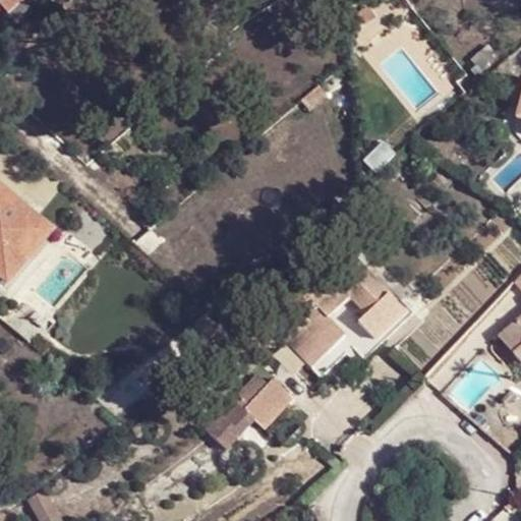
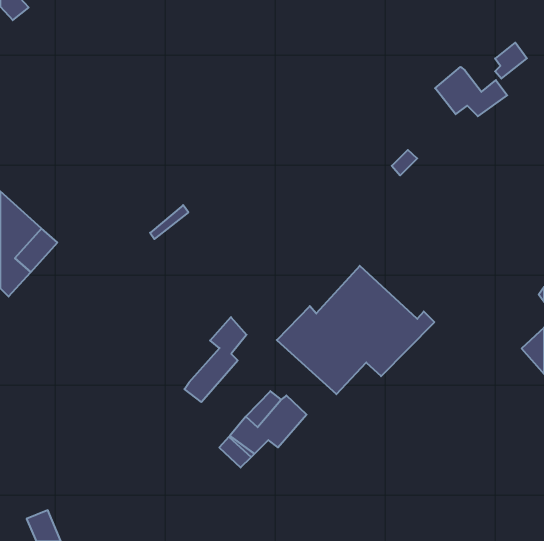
building: none -> [435,67,507,116]
building: none -> [184,317,247,402]

